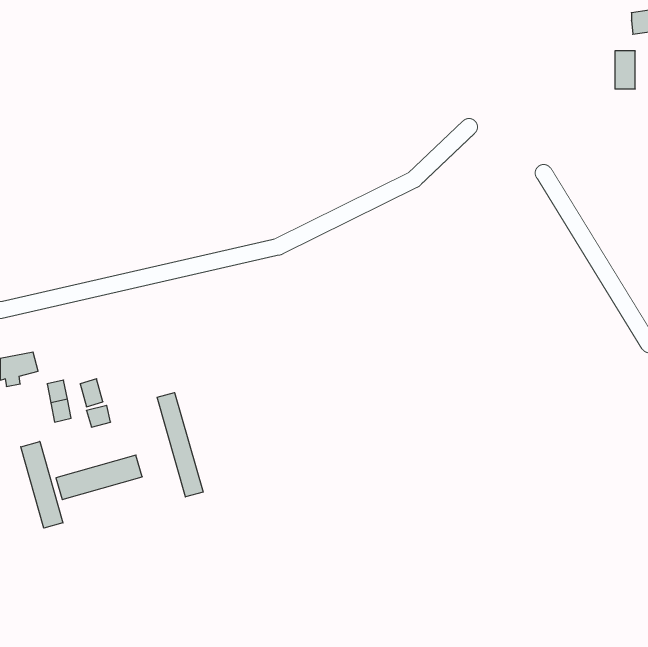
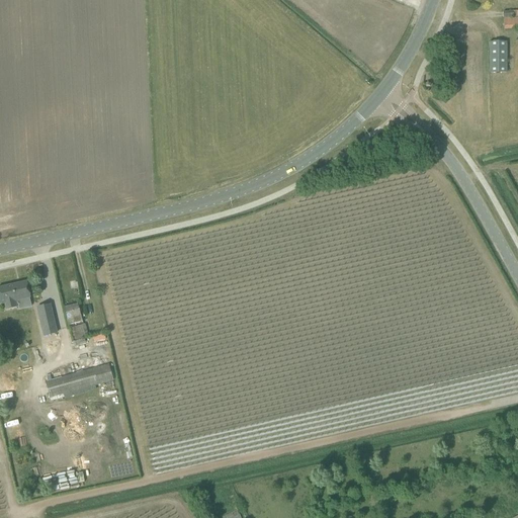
building: [157,393,203,497] -> none
building: [21,441,63,528] -> none

